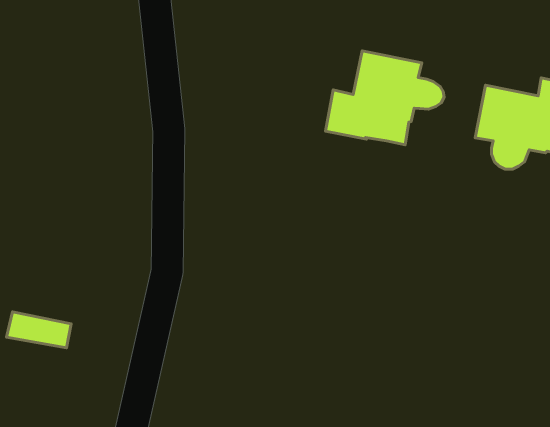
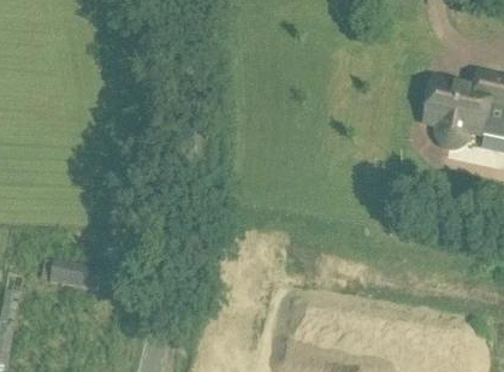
building: [325,51,444,145] -> none

